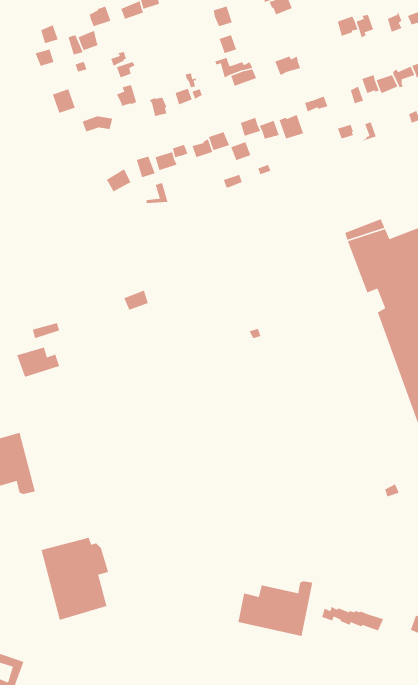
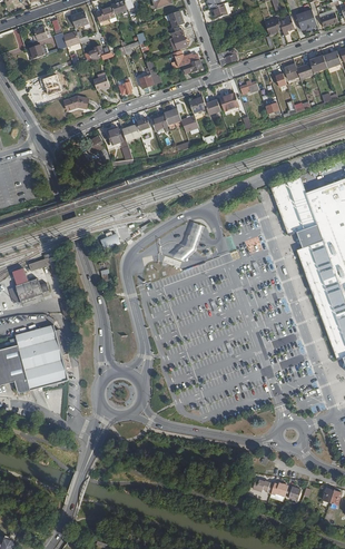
building: [41,537,109,621] -> [16,324,69,390]
building: [237,580,313,637] -> none

